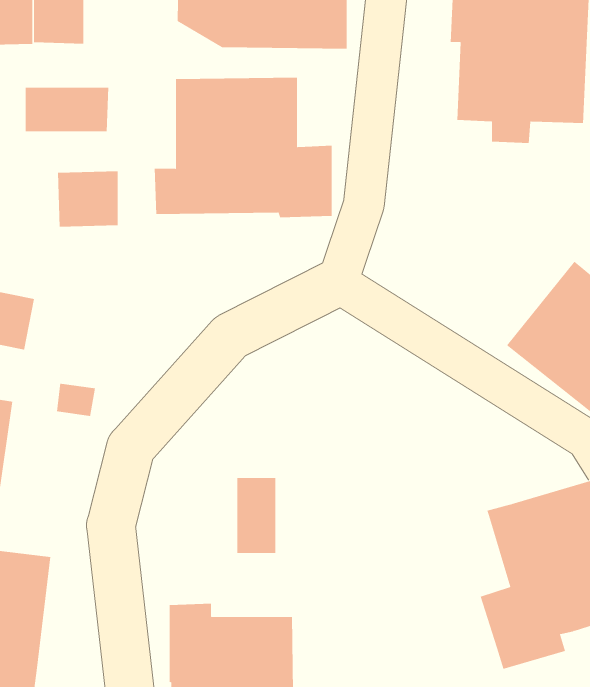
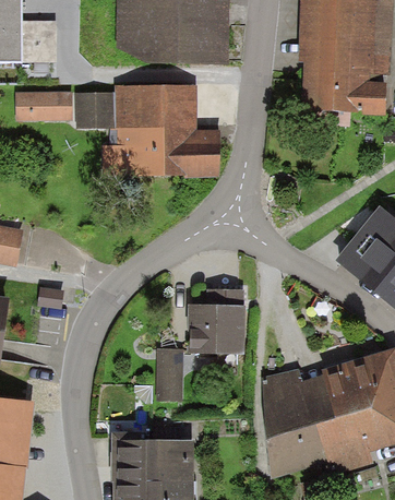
building: [57,171,118,227] -> [76,91,117,128]
building: none -> [189,288,246,353]
building: none -> [263,367,337,478]

